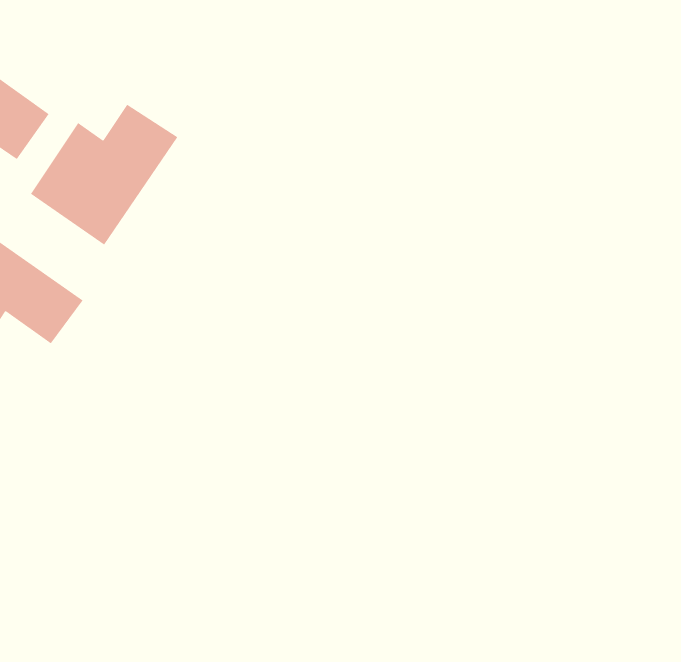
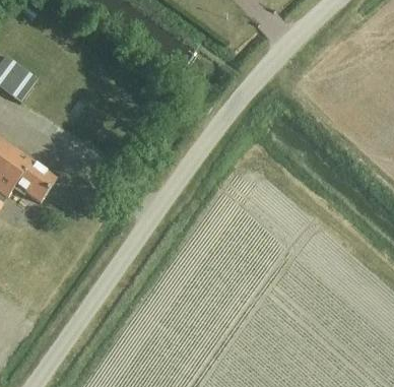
building: [30,104,178,245] -> none

